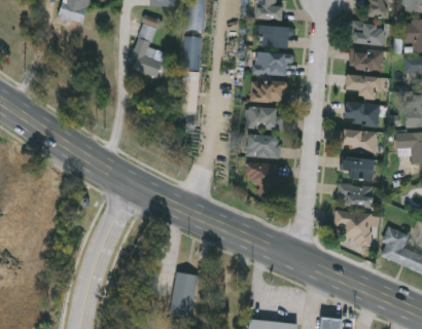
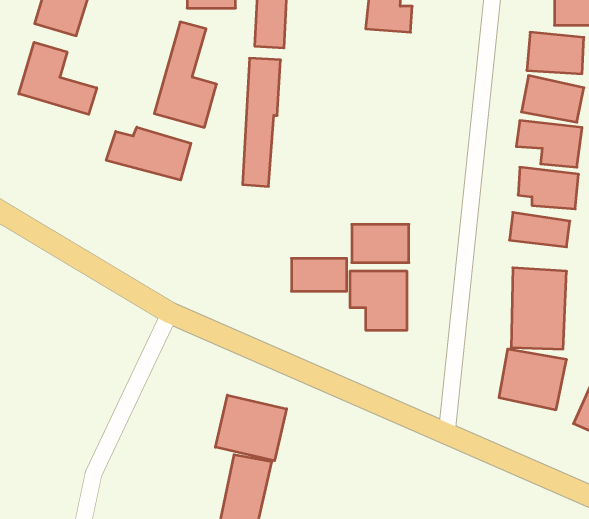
building: [254,25,289,48] -> none
building: none -> [19,42,97,114]
building: [253,51,288,75] -> none
building: none -> [106,127,191,180]
building: [250,81,285,102] -> none
building: [249,108,282,127] -> [291,258,347,291]
building: none -> [215,395,287,461]

